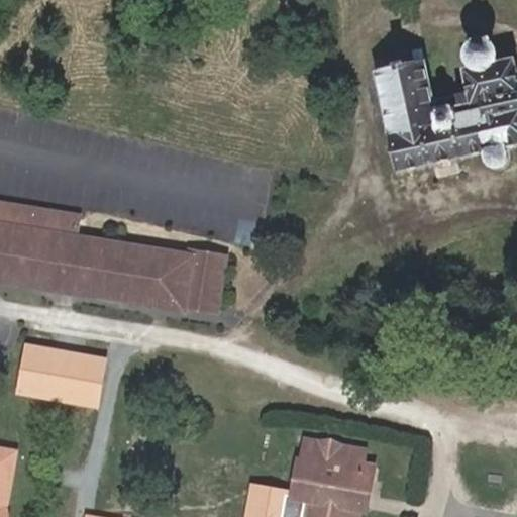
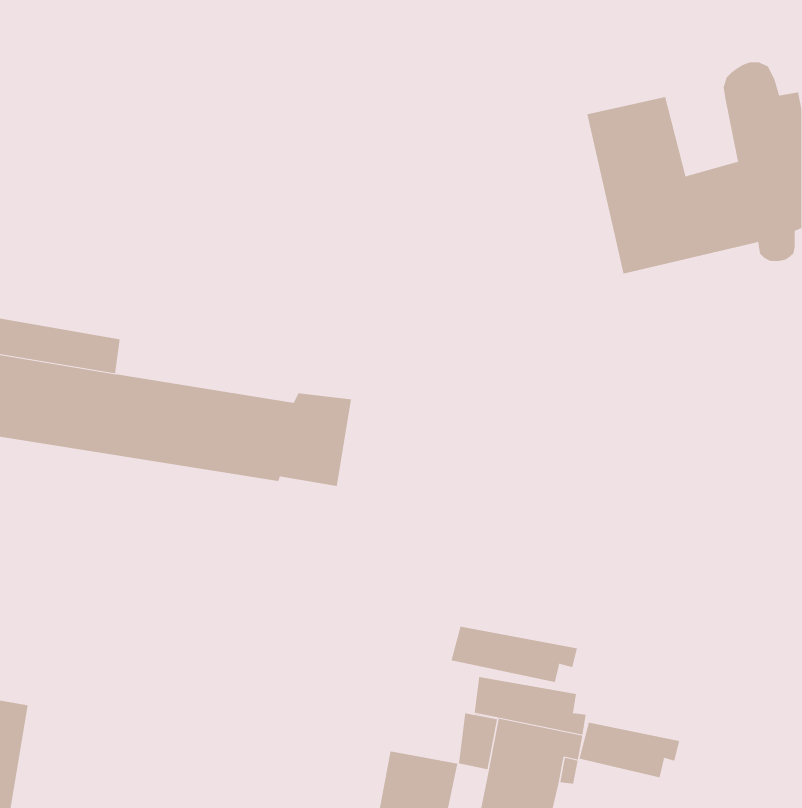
building: [12,343,109,410] -> none
building: none -> [451,626,577,683]
building: none -> [579,722,680,778]

